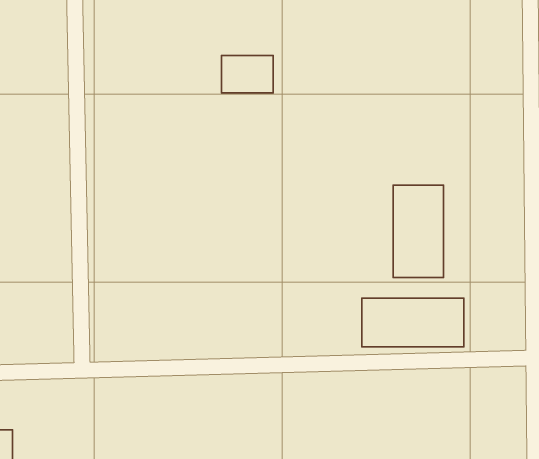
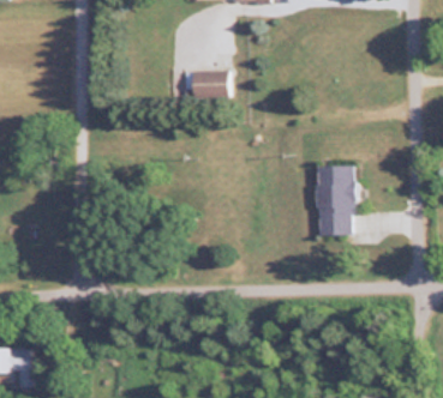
building: [362,298,464,347] -> none

